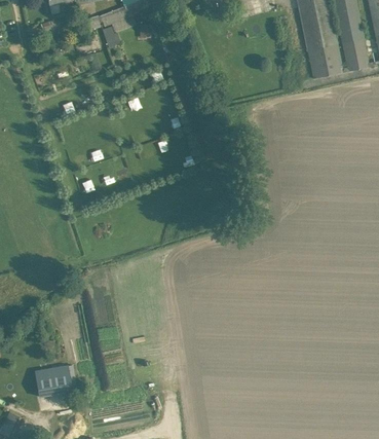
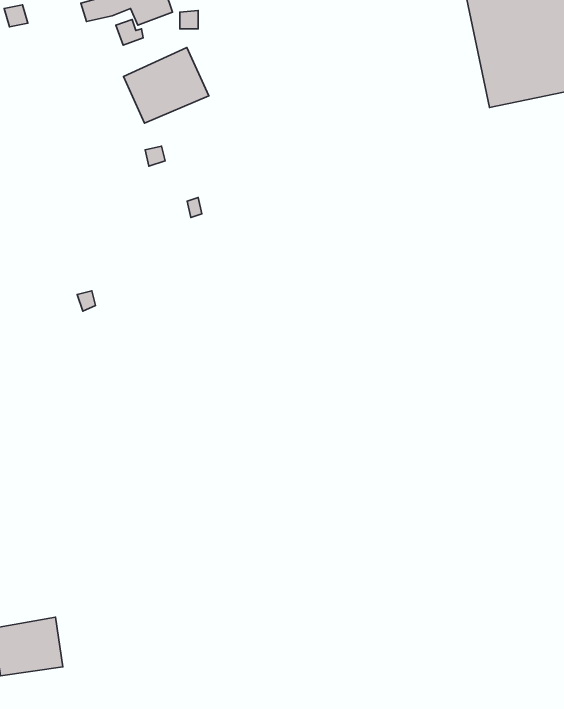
building: none -> [124,48,209,123]

